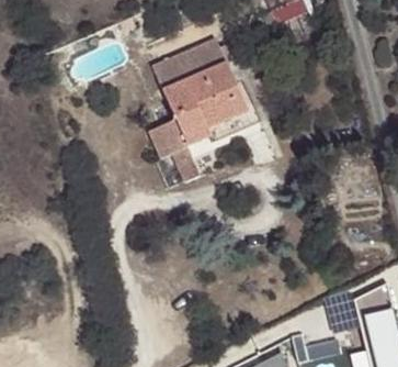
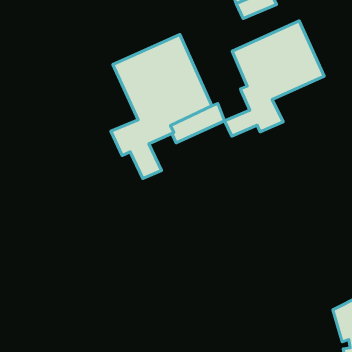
building: none -> [225,21,324,136]

